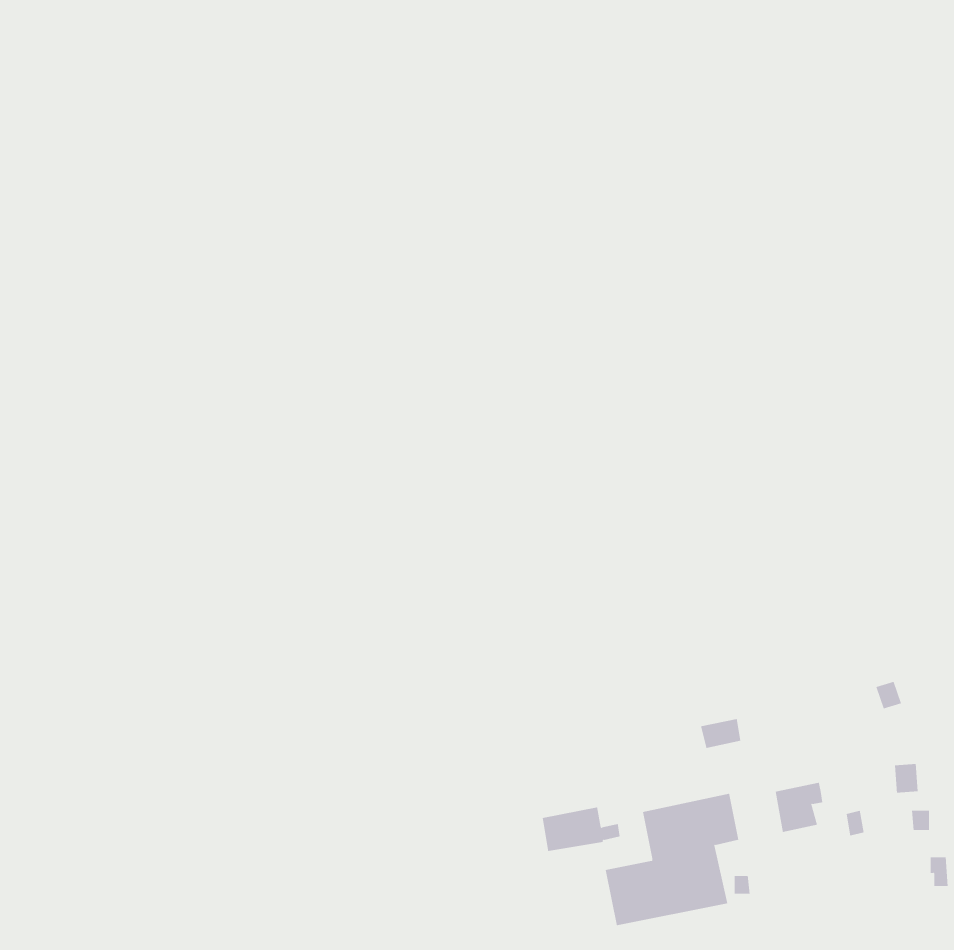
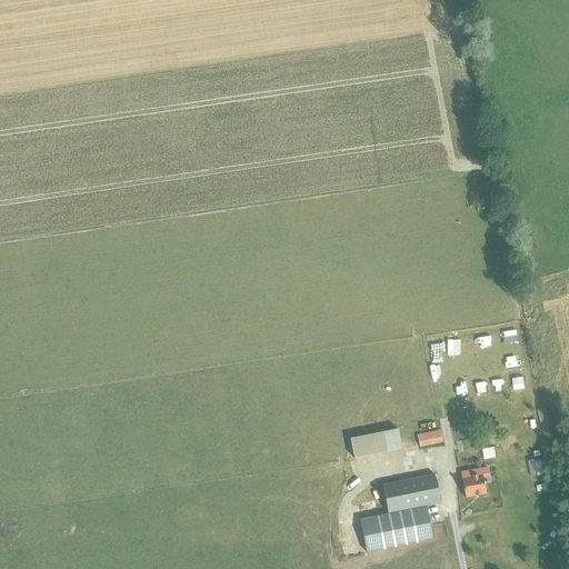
building: [542,807,620,852] -> [348,430,395,457]

